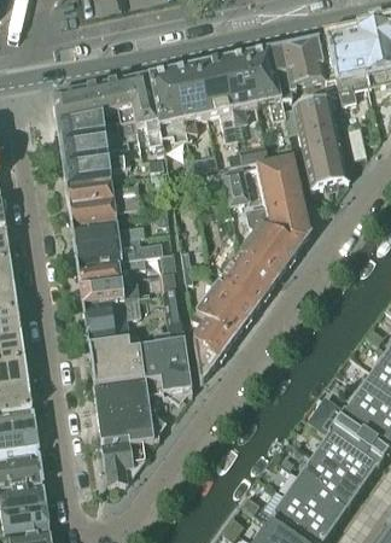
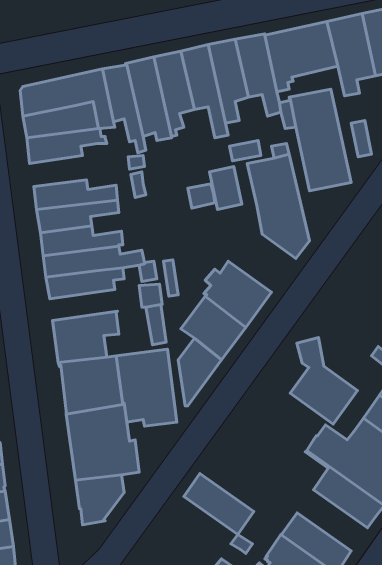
building: [60,150,130,181] -> none
building: [238,198,298,275] -> [290,338,358,424]
building: [78,273,139,300] -> none
building: [299,451,362,506] -> [184,474,254,534]

